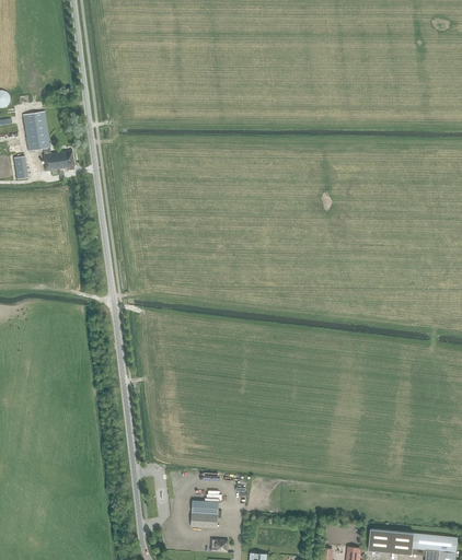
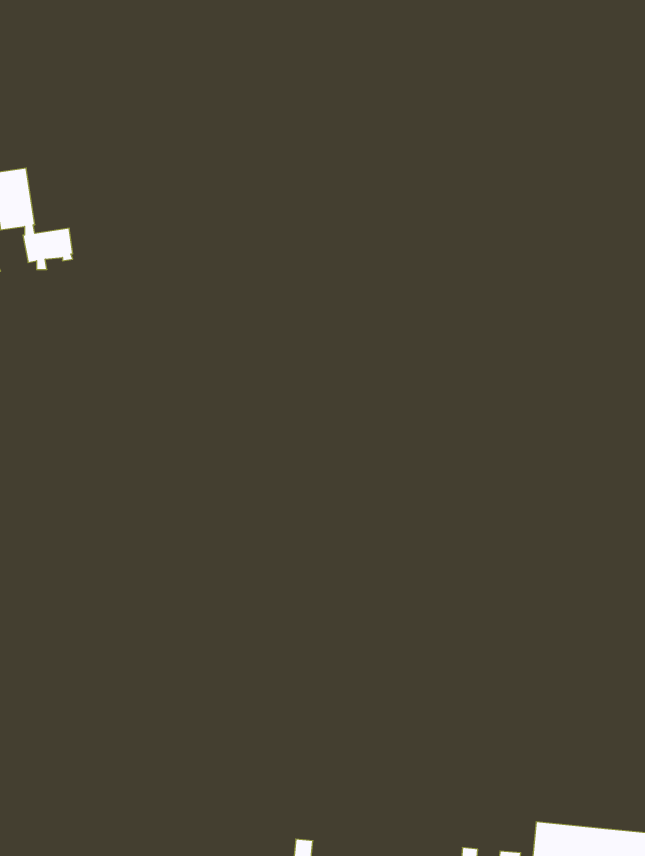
building: [190,500,219,528] -> none

